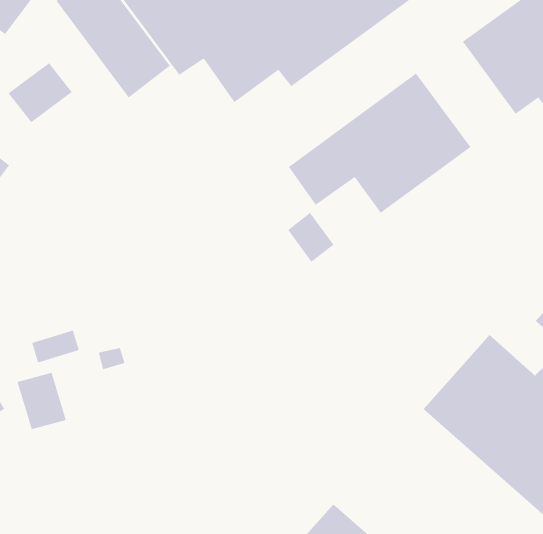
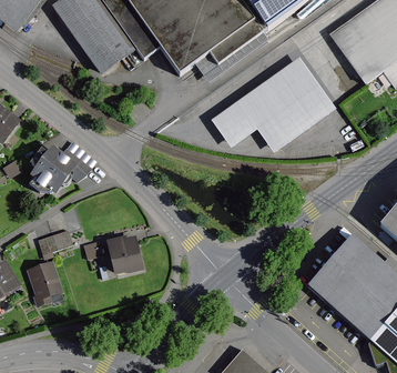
building: [8,62,73,123] -> none
building: none -> [33,144,89,193]
building: [287,212,334,263] -> none
building: none -> [108,234,143,275]

